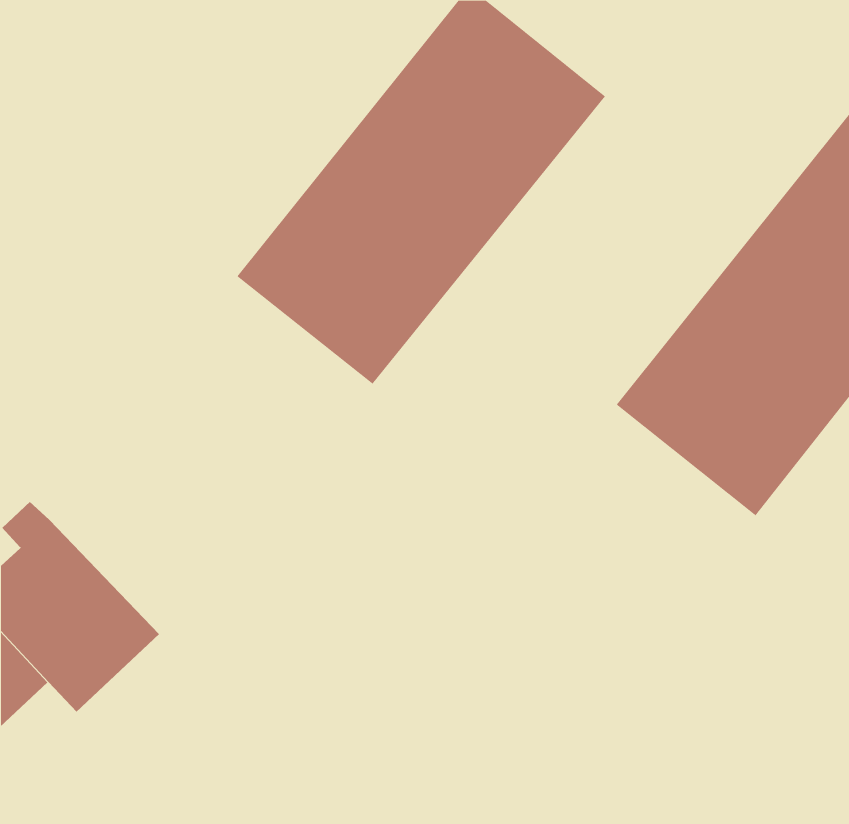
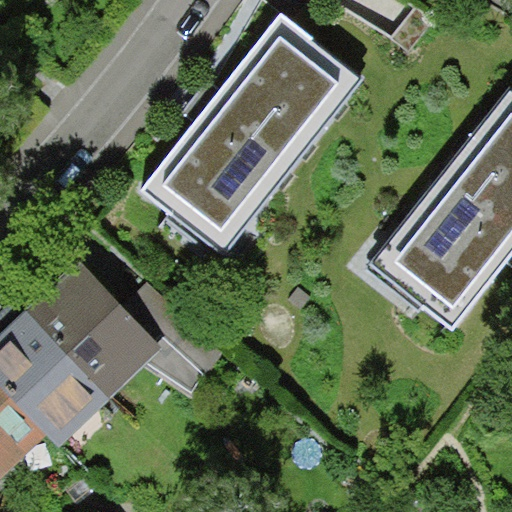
building: none -> [31,279,195,404]

